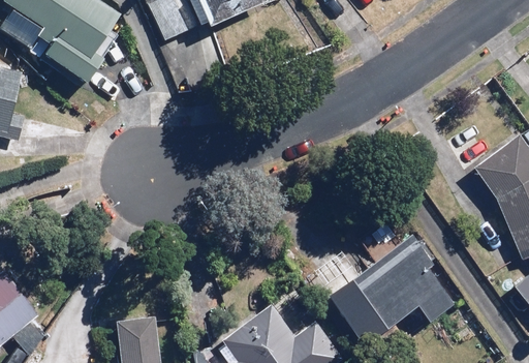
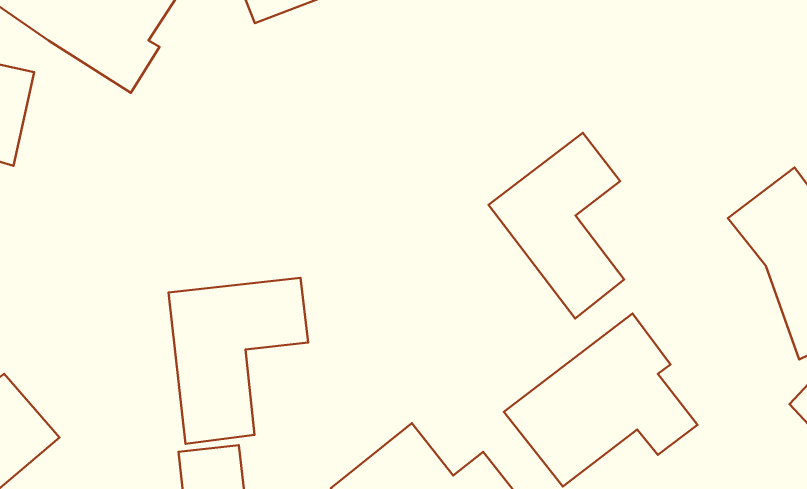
building: none -> [488,133,624,318]
building: none -> [169,278,308,444]

